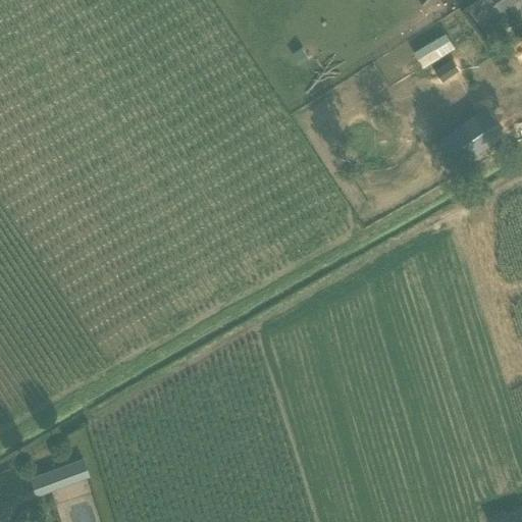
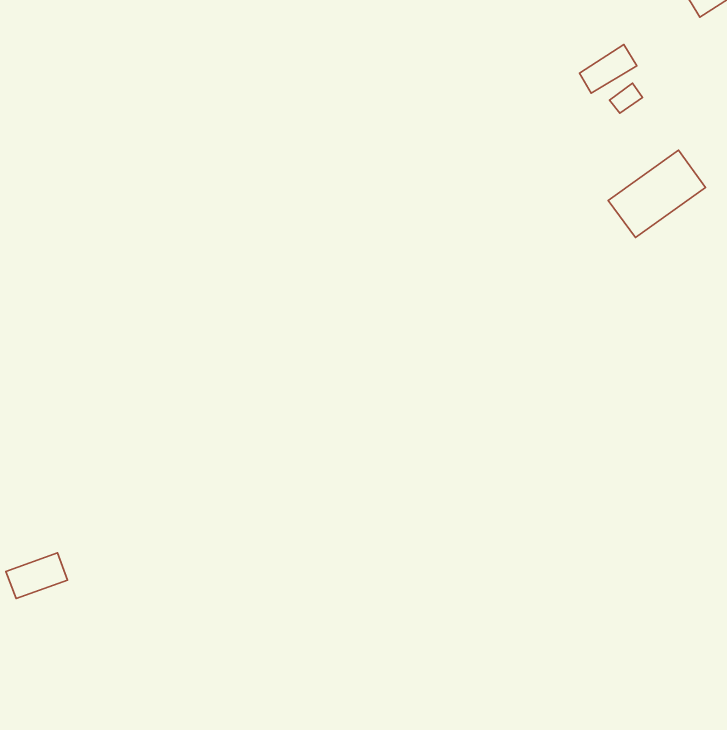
building: [32,463,75,495] -> [6,553,68,599]

